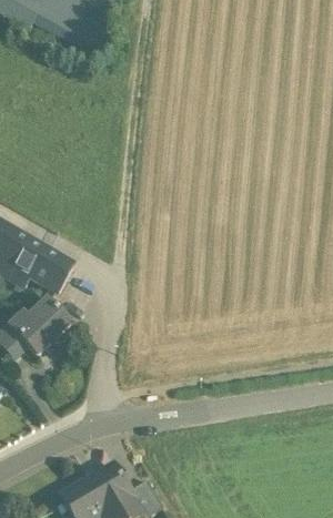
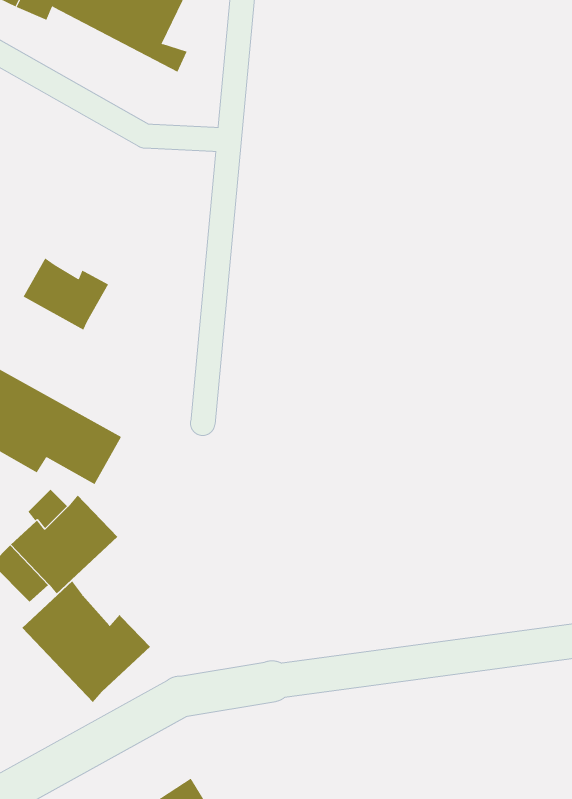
building: none -> [23,257,109,331]
building: none -> [21,581,151,703]

